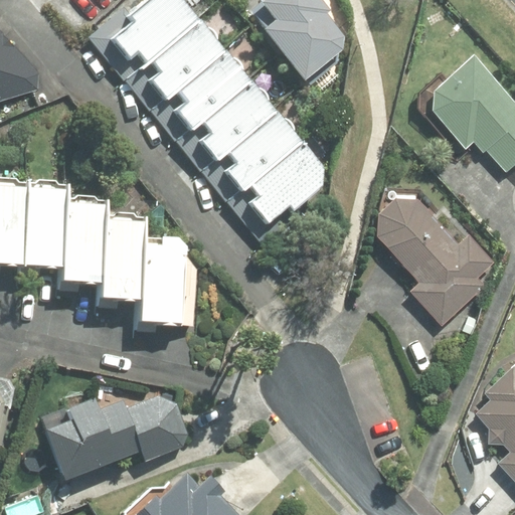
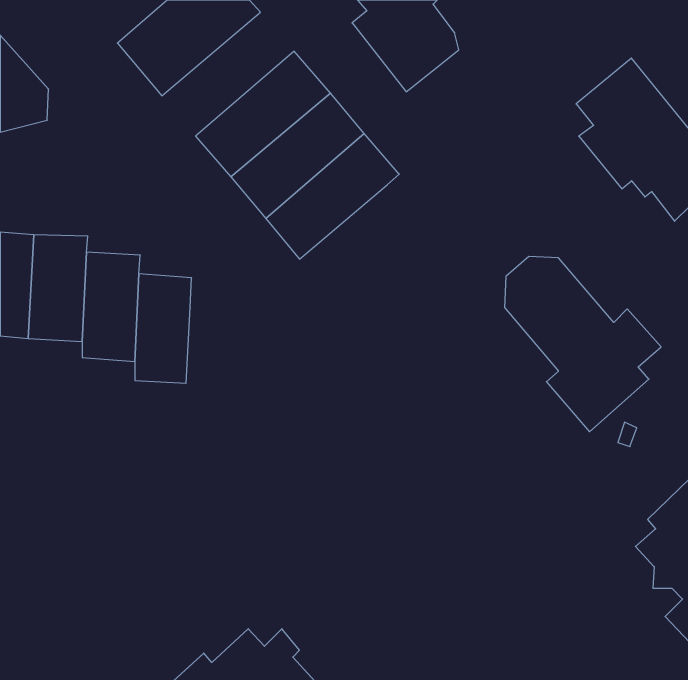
building: [122,16,220,109] -> none
building: [224,137,322,248] -> none
building: [139,232,196,326] -> none
building: [44,396,188,478] -> none

